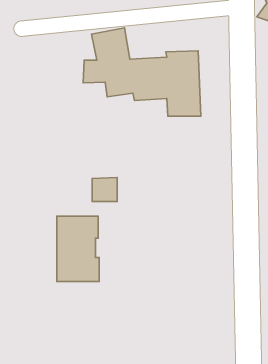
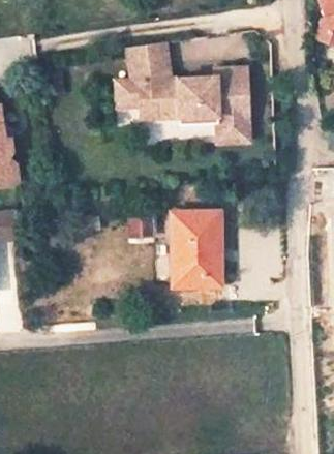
building: [57,216,99,281] -> [172,214,219,287]

